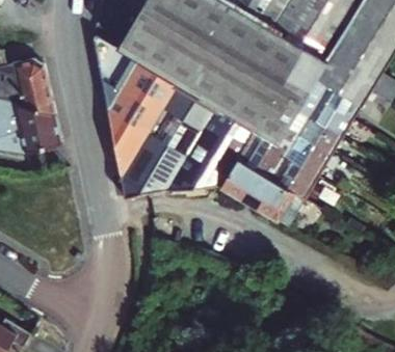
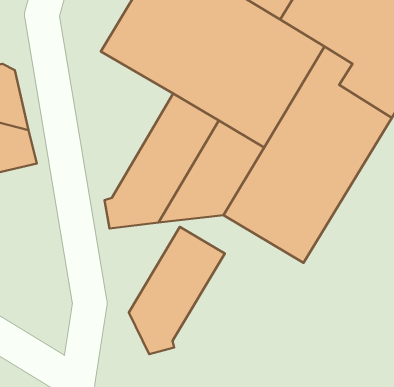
building: [93,32,176,171] -> none
building: none -> [129,227,225,354]

